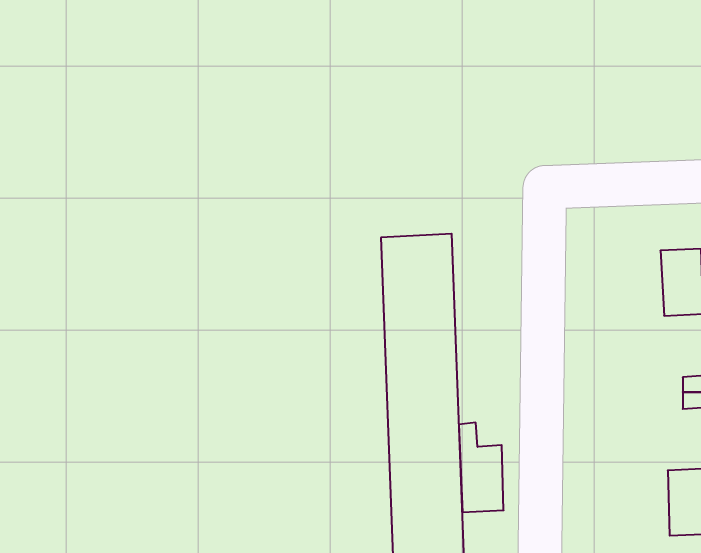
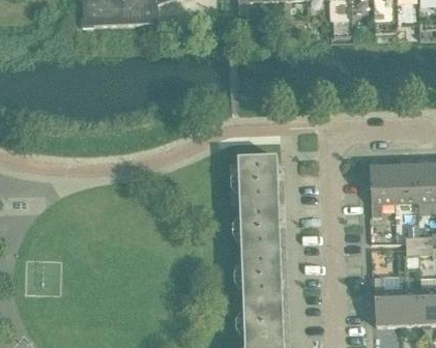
building: none -> [369,166,395,215]
building: [459,423,504,512] -> [373,276,398,325]

